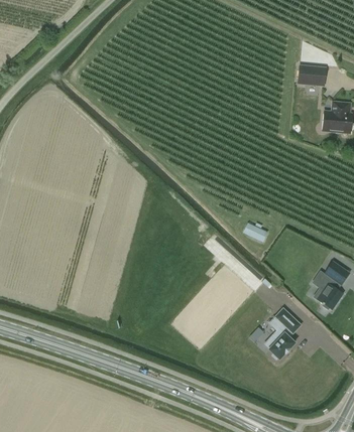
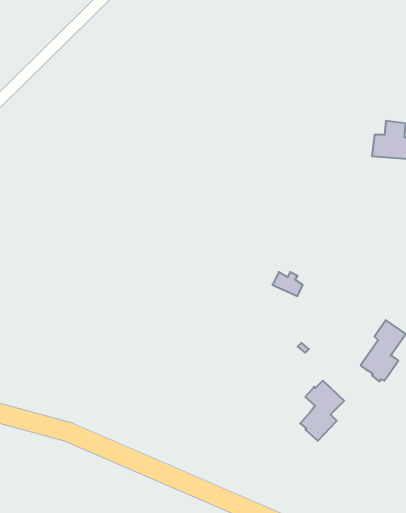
building: [298,64,325,85] -> none

